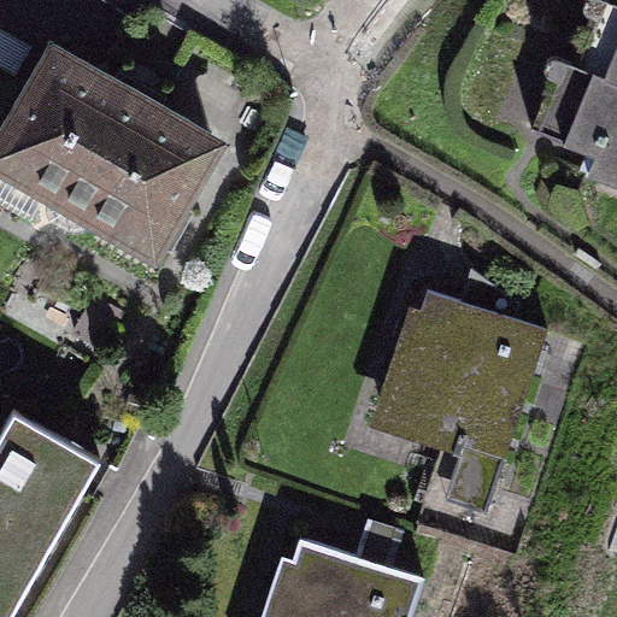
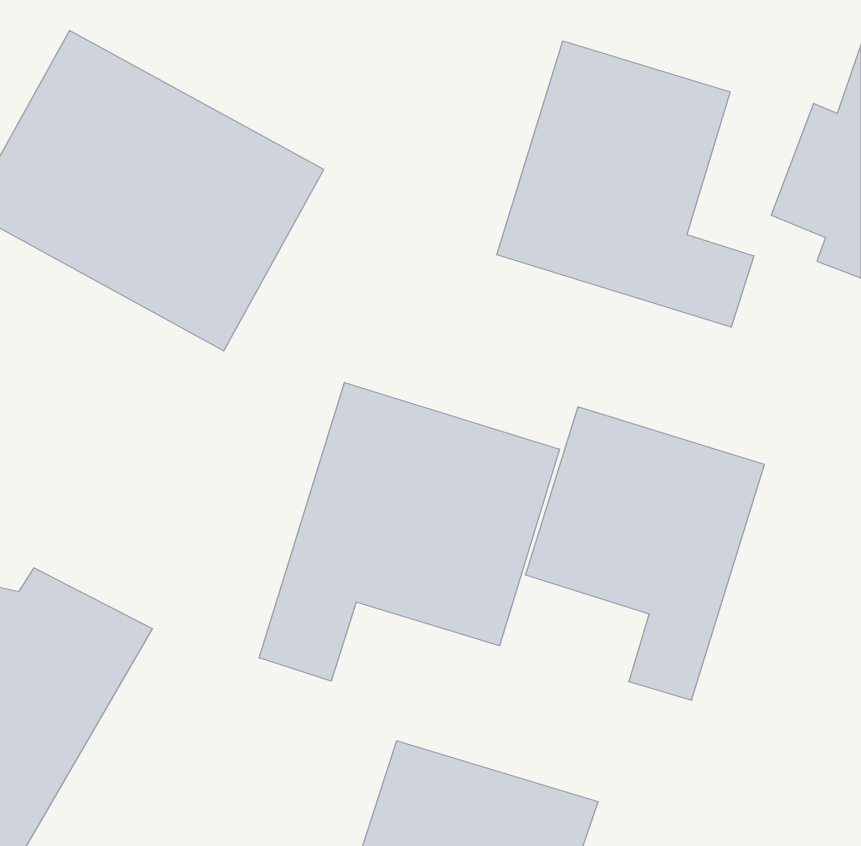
building: none -> [497,41,754,327]
building: none -> [259,382,560,681]

